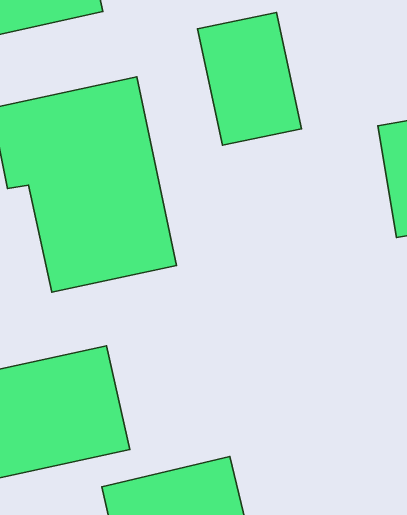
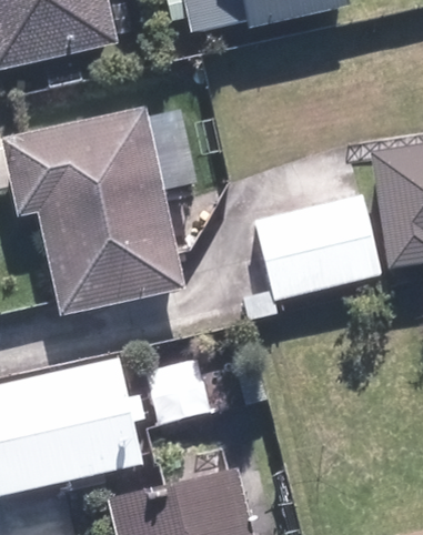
building: [197,13,302,145] -> none
building: none -> [256,201,375,300]

